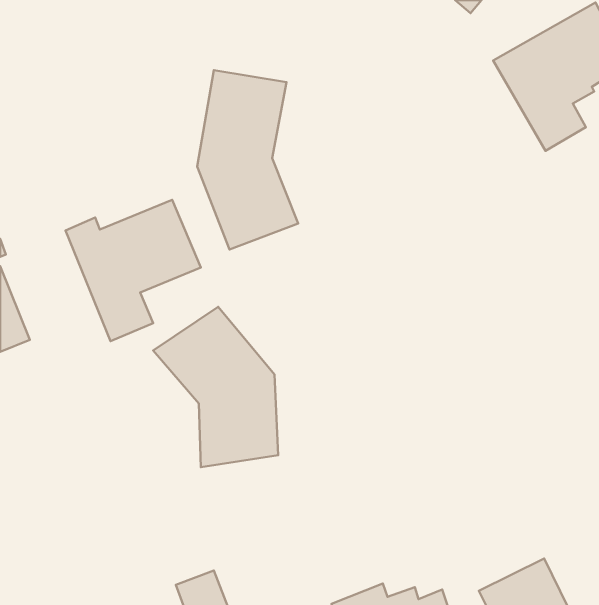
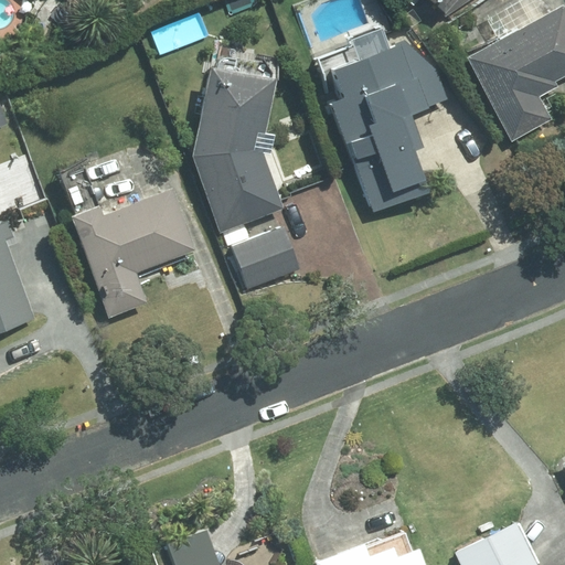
building: none -> [329,40,451,214]
building: none -> [235,228,300,289]
building: [153,307,278,467] -> none

